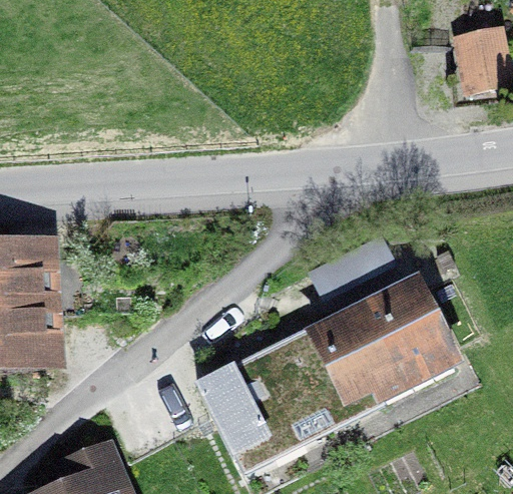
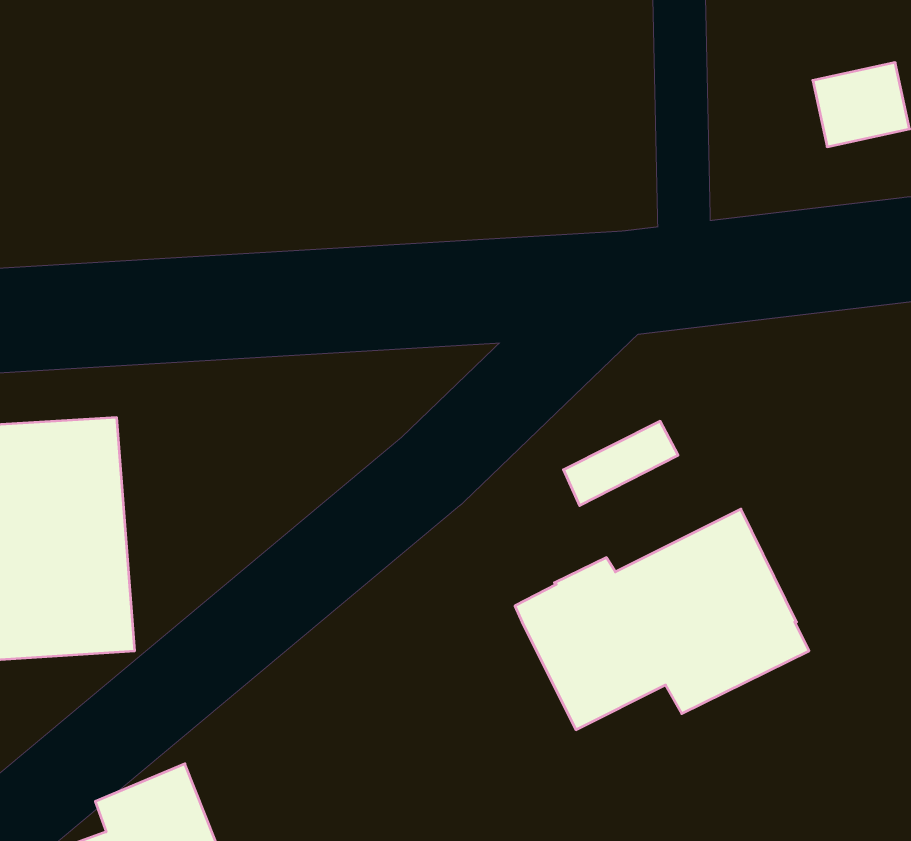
building: [196,349,323,454] -> none

